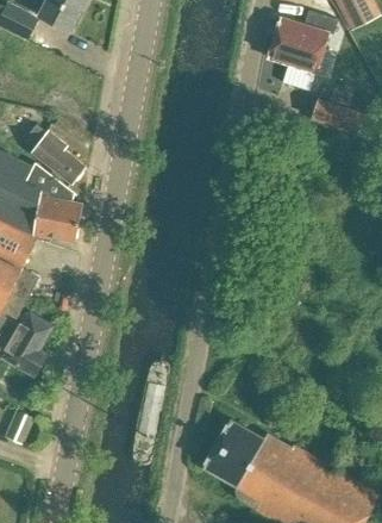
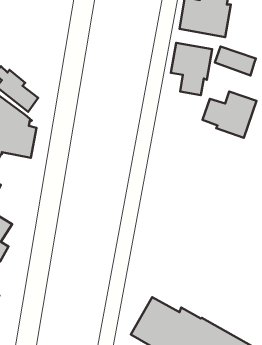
building: none -> [171,43,212,95]
building: none -> [203,92,256,138]

